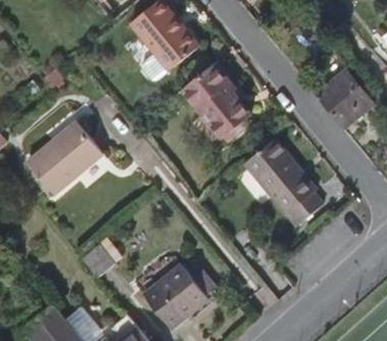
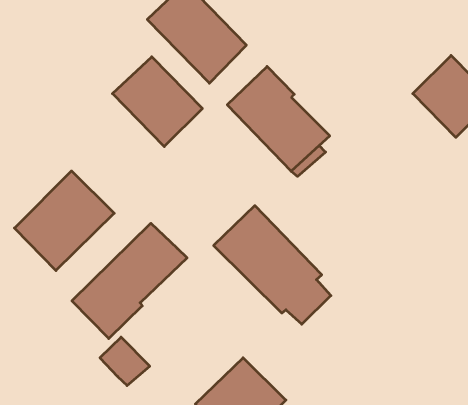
building: none -> [112,57,202,147]
building: [243,139,322,225] -> [214,206,331,324]
building: none -> [72,223,187,339]

